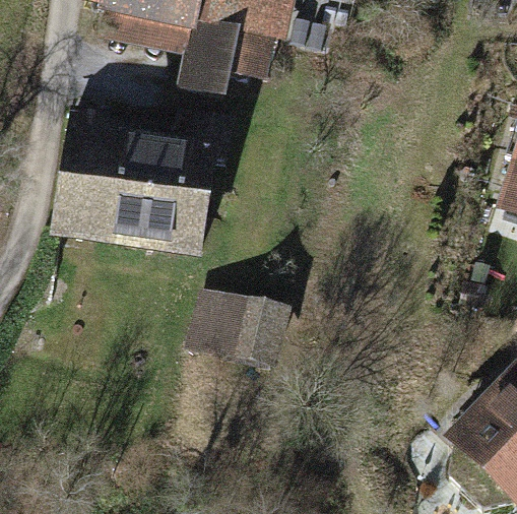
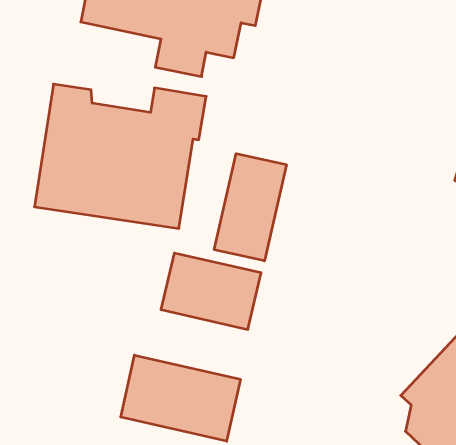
building: none -> [214,154,286,261]
building: none -> [121,355,240,441]

